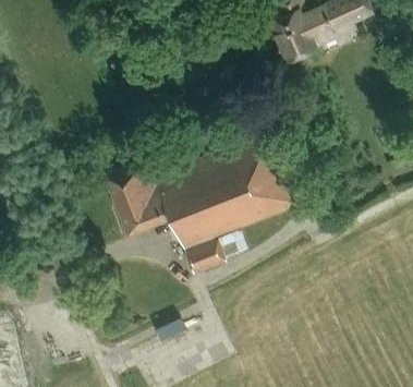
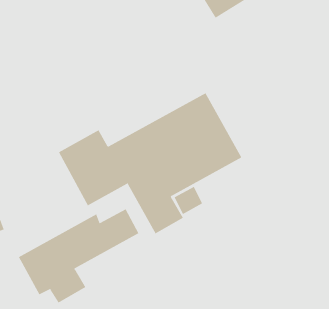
building: none -> [18,208,139,304]

